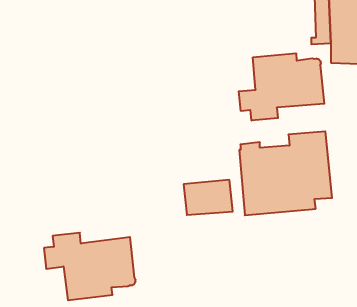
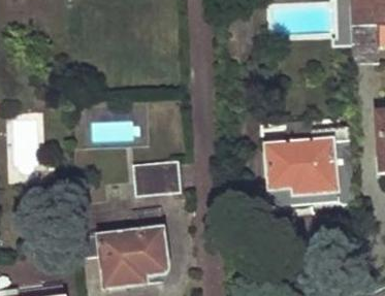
building: [239,53,324,121] -> none
building: [184,180,233,215] -> [133,160,180,193]

